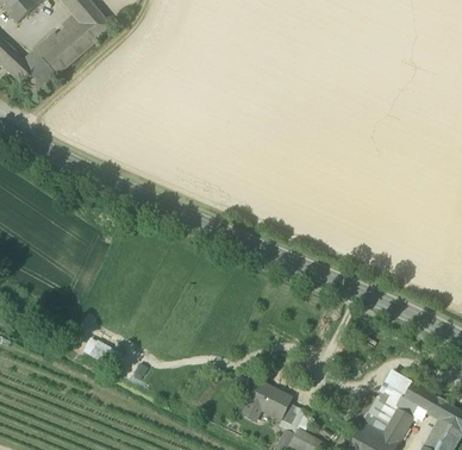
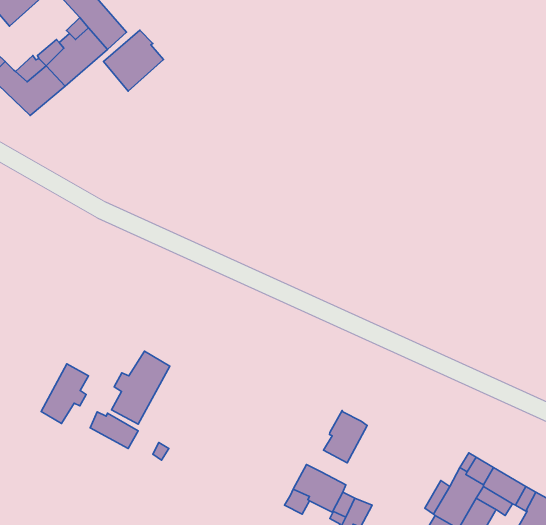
building: none -> [103,30,163,91]
building: none -> [111,351,170,424]
building: none -> [41,364,88,424]
building: none -> [323,411,367,463]

